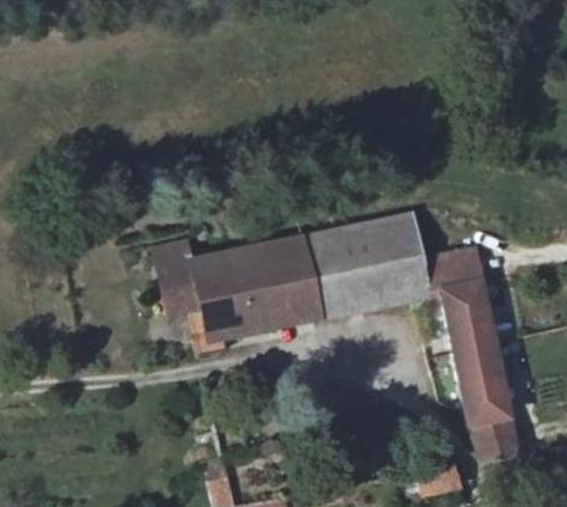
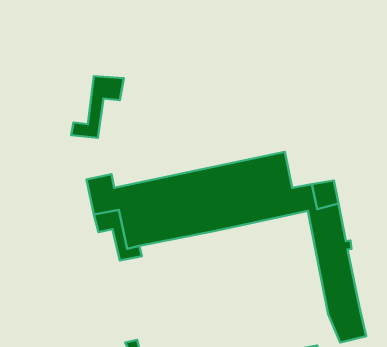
building: none -> [71,76,124,138]

